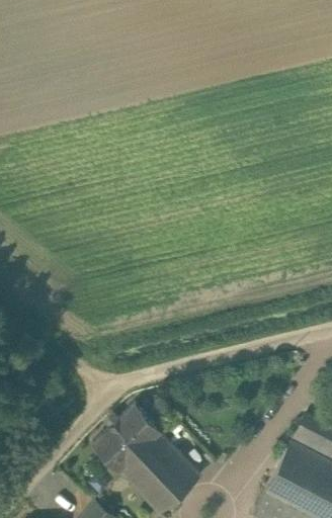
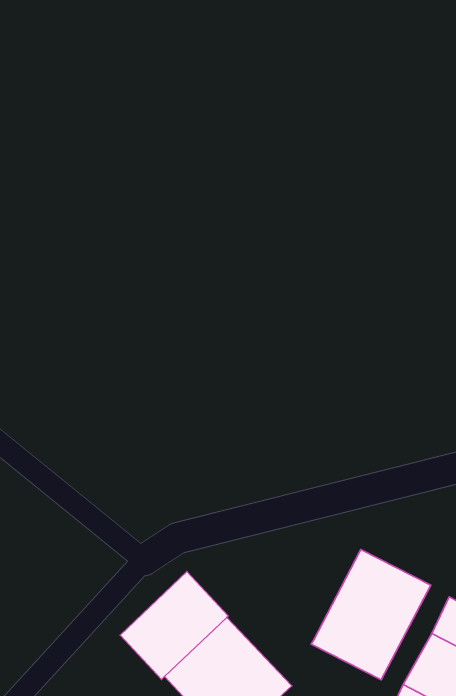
building: none -> [311,550,431,680]

